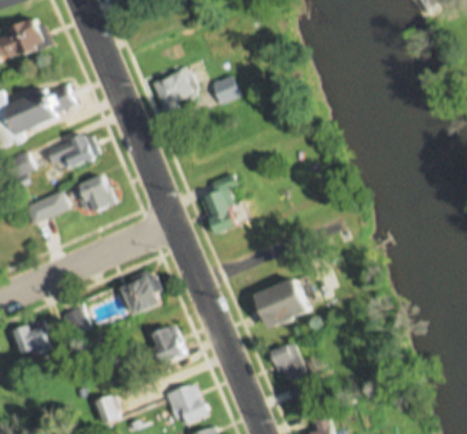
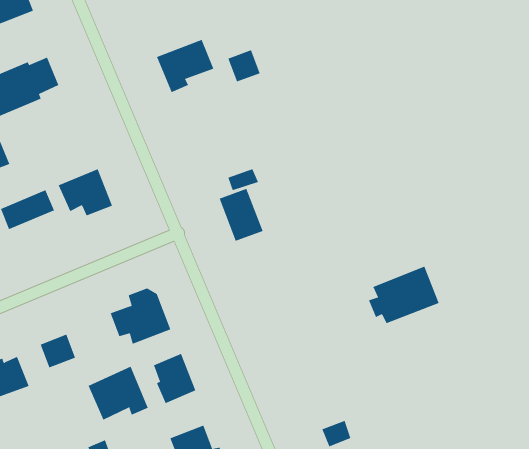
building: [47,136,100,169] -> none
building: [253,280,311,327] -> [368,266,440,324]
building: none -> [88,366,149,421]
building: [271,344,304,379] -> none

